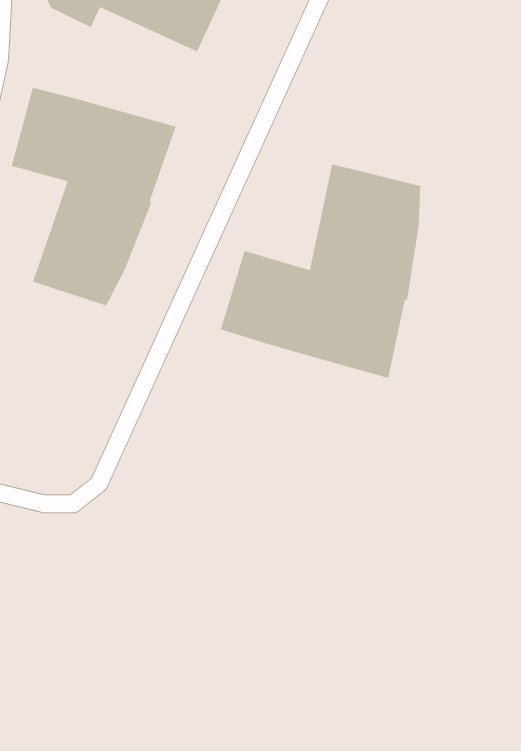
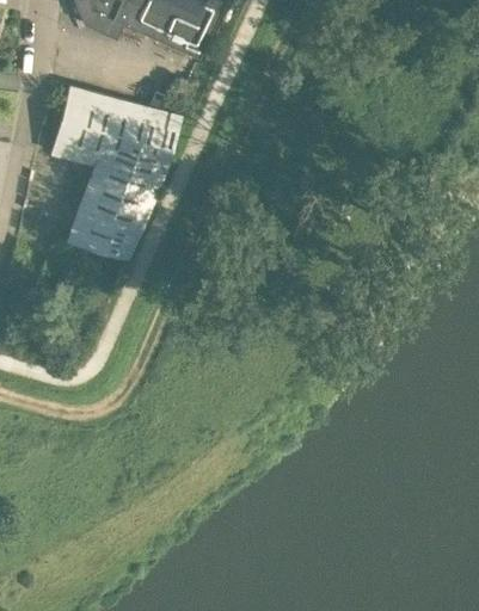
building: [220,164,421,379] -> none

